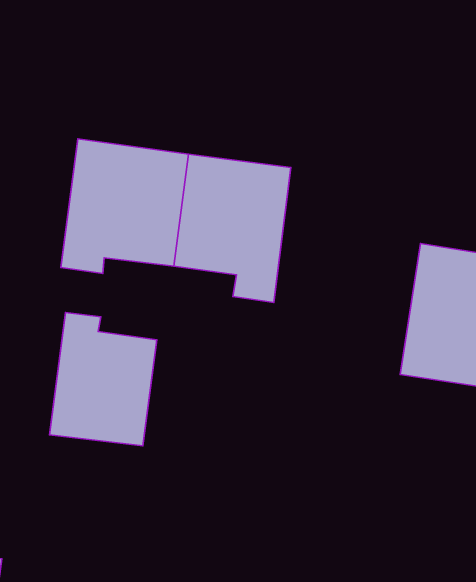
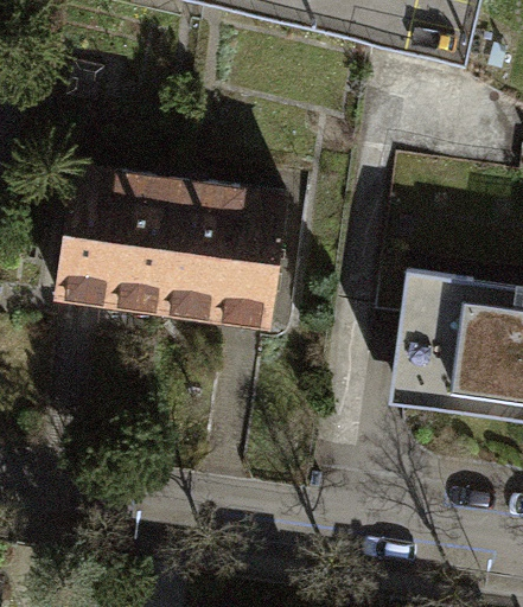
building: [49,313,157,446] -> none

